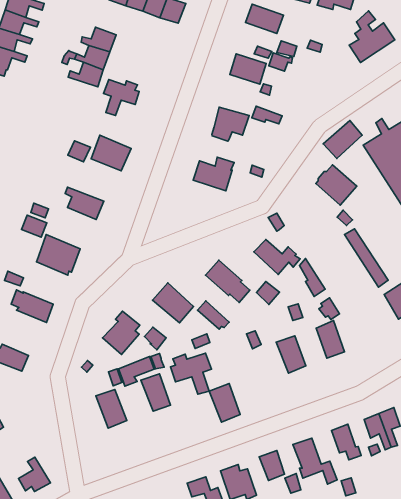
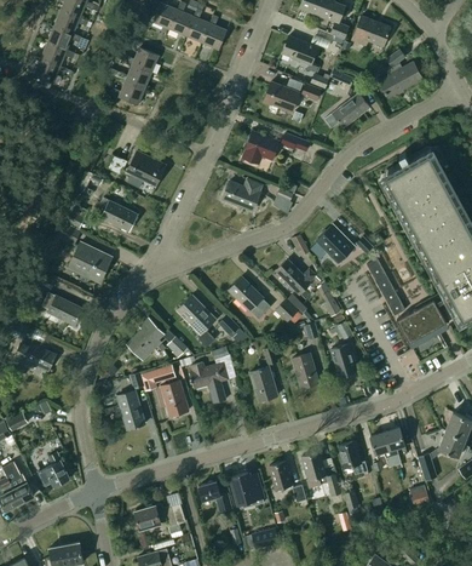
building: [104,80,139,115] -> none
building: [323,121,362,158] -> [332,93,369,128]
building: [316,165,357,205] -> [316,225,355,264]
building: [209,383,240,422] -> [249,366,277,402]

